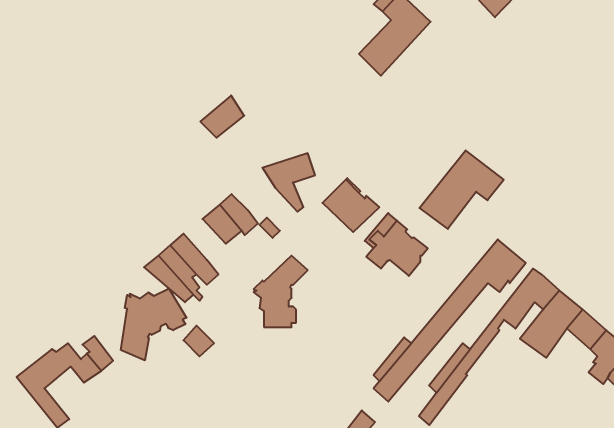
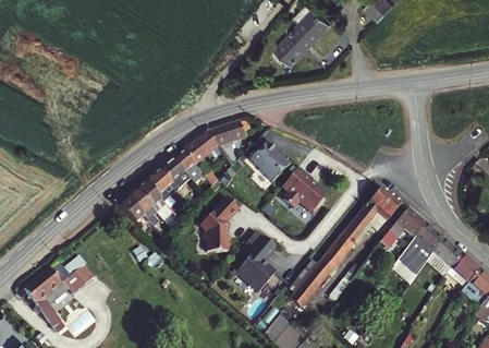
building: [200,95,244,138] -> [182,133,215,165]
building: [419,150,504,229] -> none
building: none -> [146,171,178,202]
building: [121,288,187,360] -> none
building: none -> [236,238,274,290]

